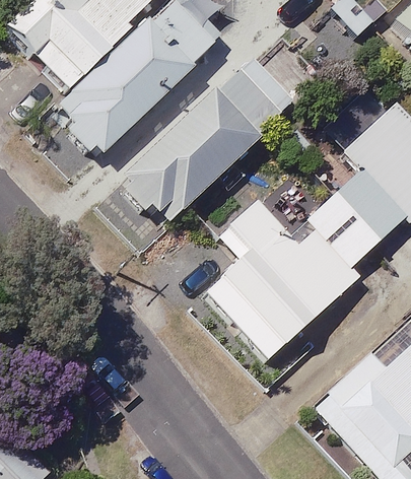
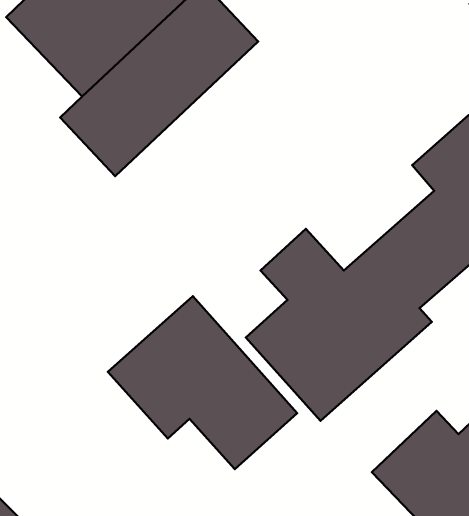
building: [123,57,296,224] -> none
building: none -> [108,296,297,469]

